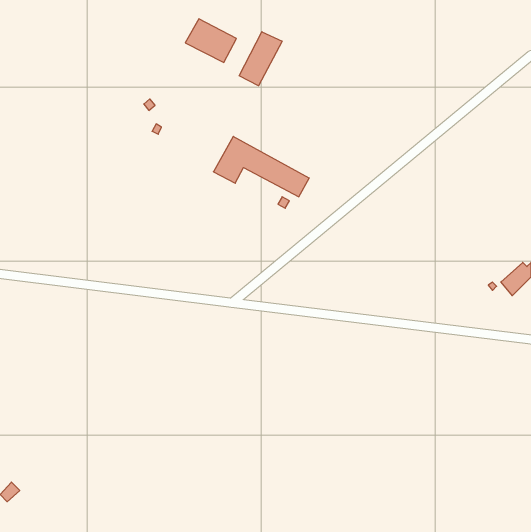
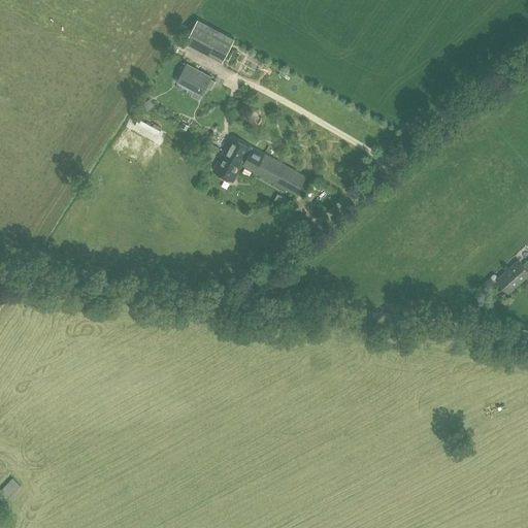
building: [239,32,282,86] -> none
building: none -> [175,66,212,97]

